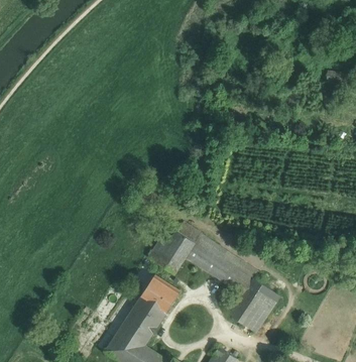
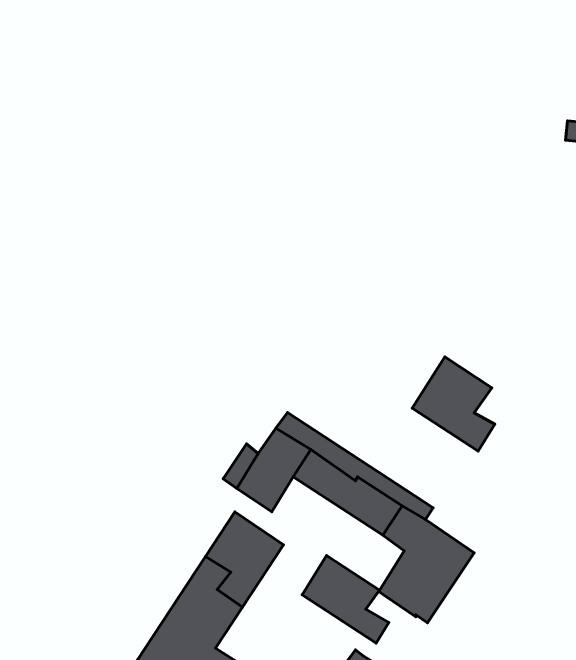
building: none -> [412,357,495,451]
building: none -> [302,555,389,643]

